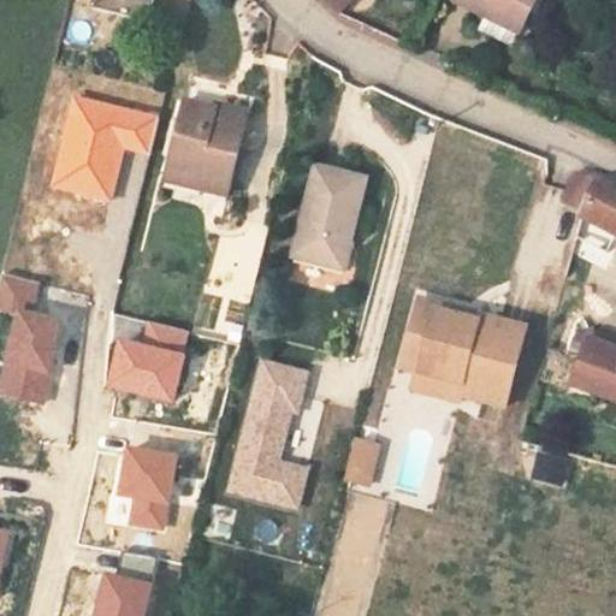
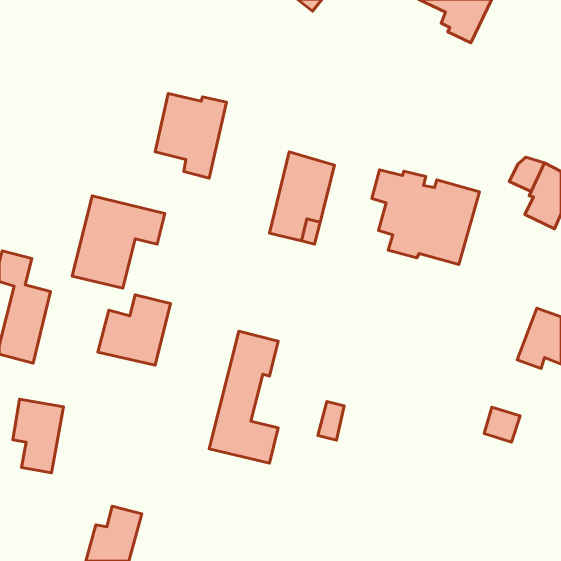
building: [52,97,153,199] -> [72,196,165,288]
building: [407,302,525,405] -> [372,170,480,265]
building: [119,448,174,528] -> [13,399,63,473]

